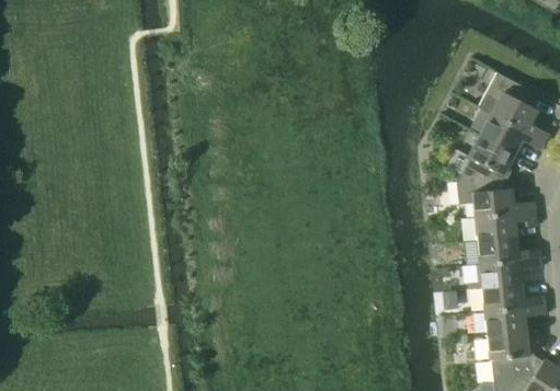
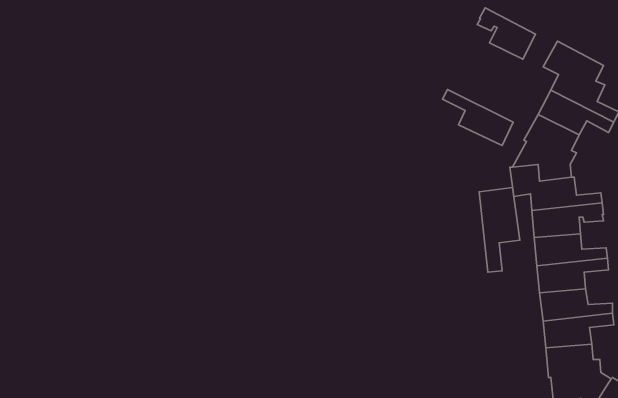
building: none -> [477,8,535,59]
building: none -> [442,89,513,145]
building: none -> [479,188,520,272]

